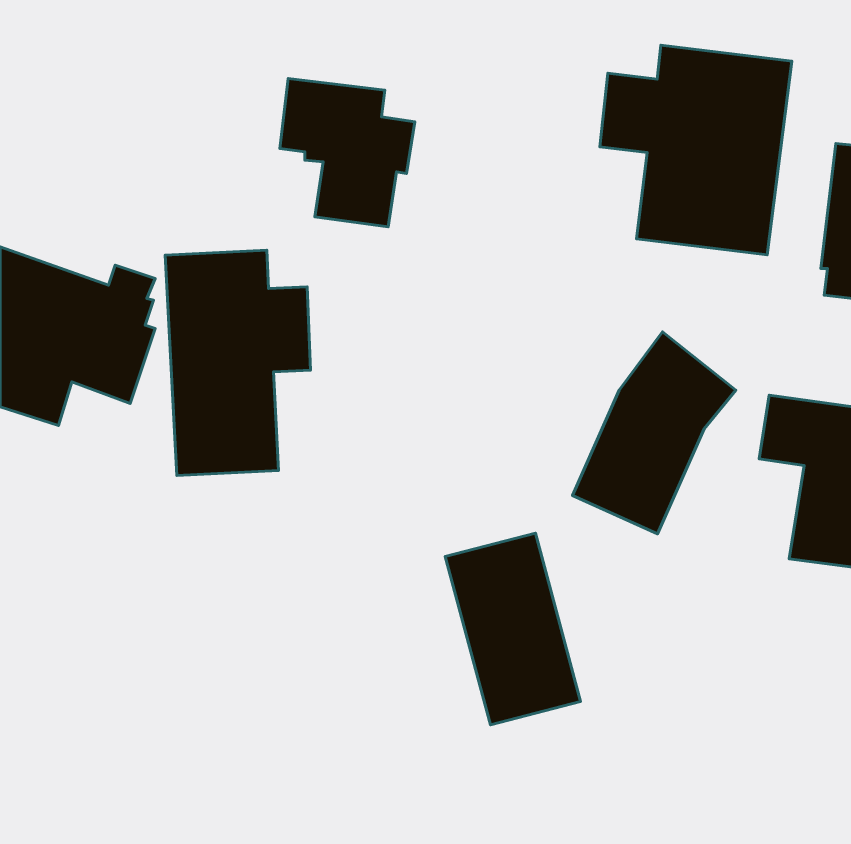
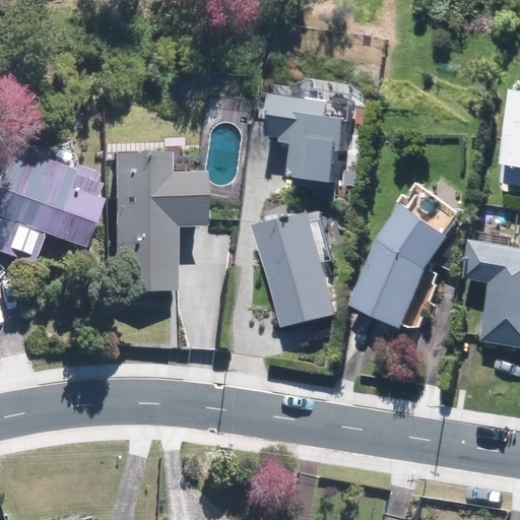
building: [600,45,792,255] -> none
building: [280,78,415,227] -> [264,91,346,182]
building: [445,533,580,725] -> [255,210,337,327]

